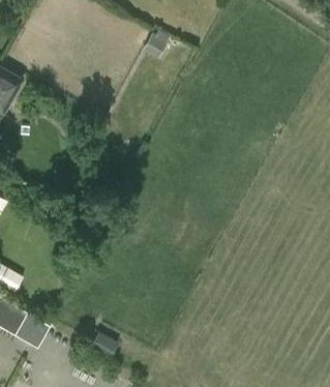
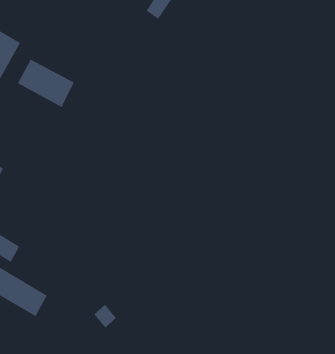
building: none -> [17,59,75,108]

